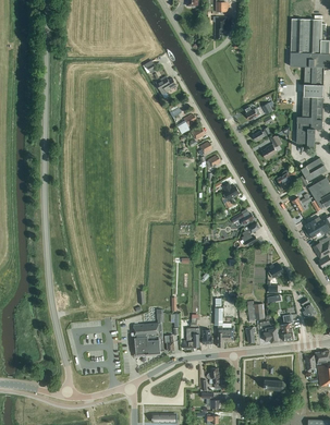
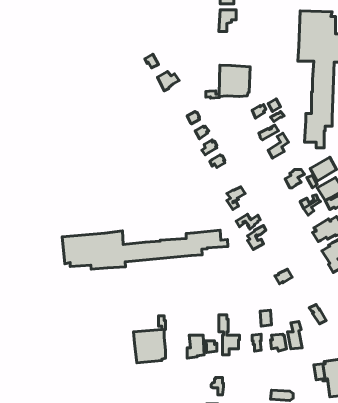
building: none -> [206,65,250,98]
building: none -> [62,230,228,269]

